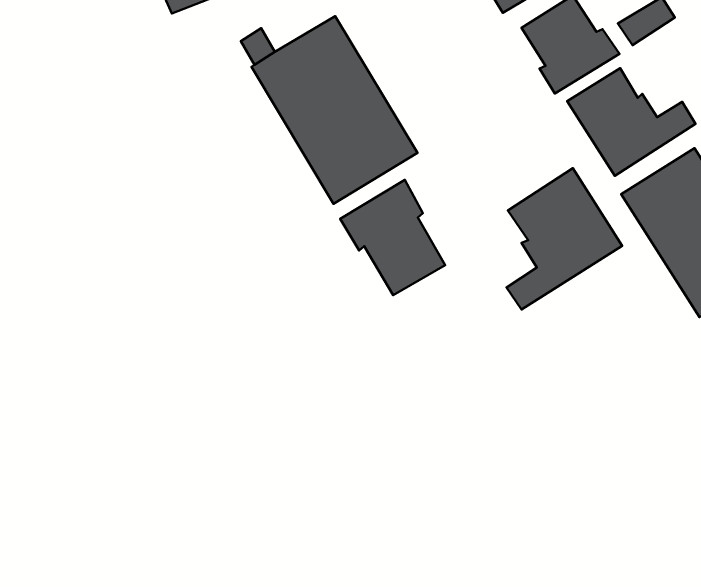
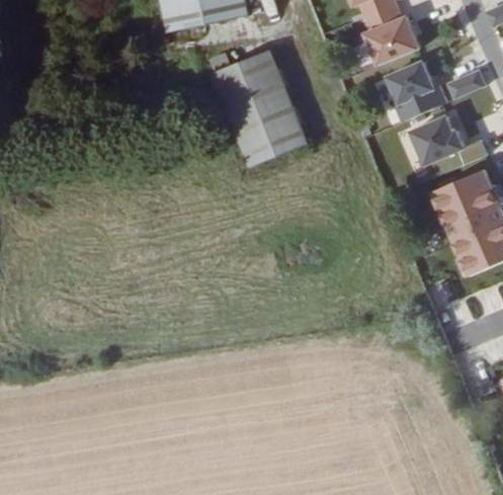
building: [506,168,622,310] -> none
building: [340,180,445,295] -> none

